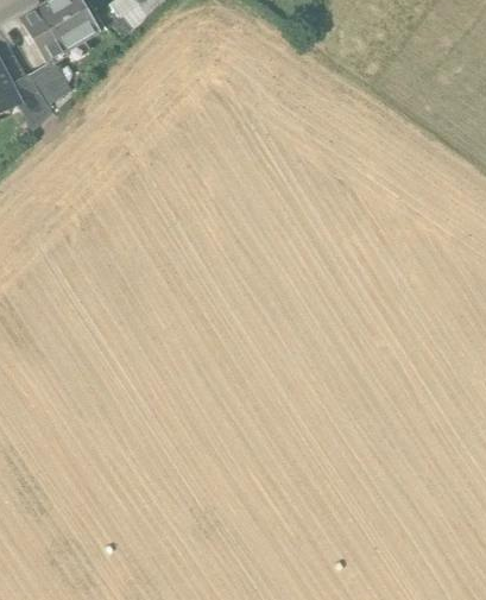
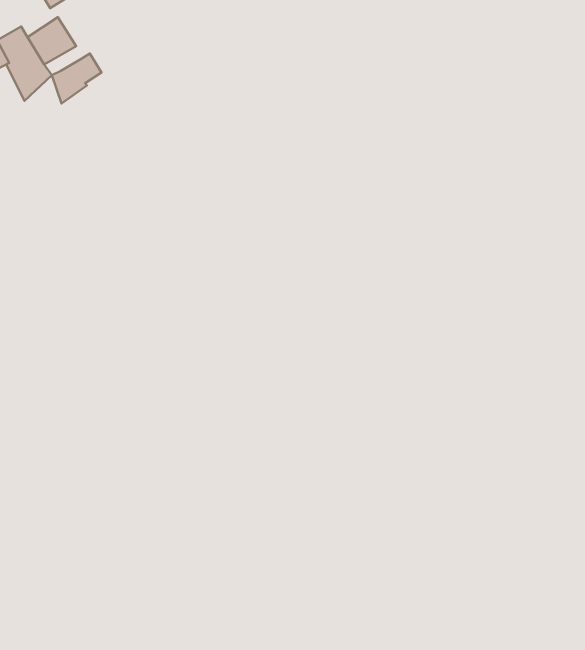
building: none -> [52,54,102,103]

